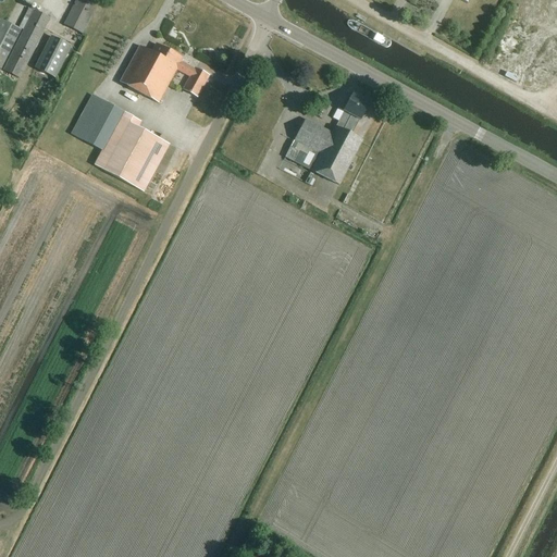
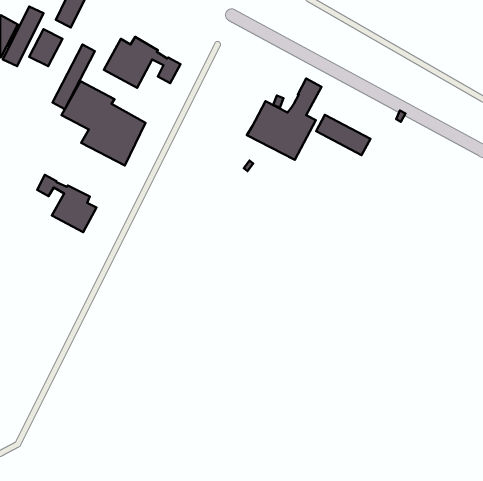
building: none -> [53,45,95,109]
building: none -> [316,115,371,155]
building: none -> [37,175,96,232]

